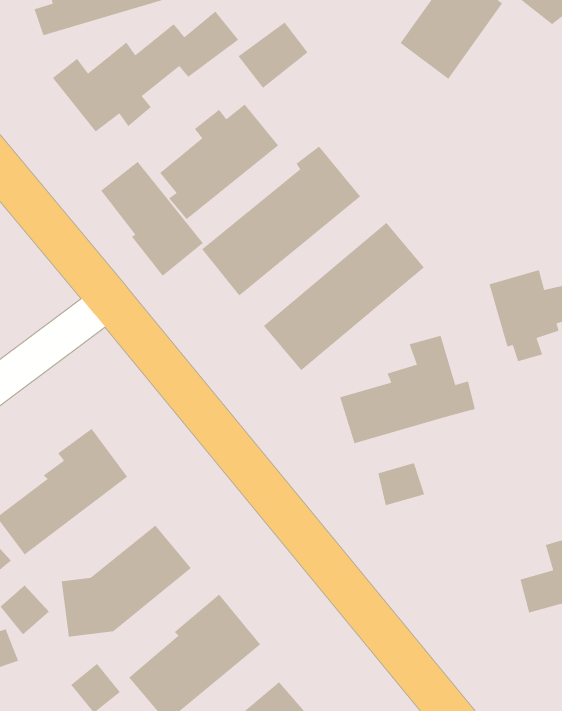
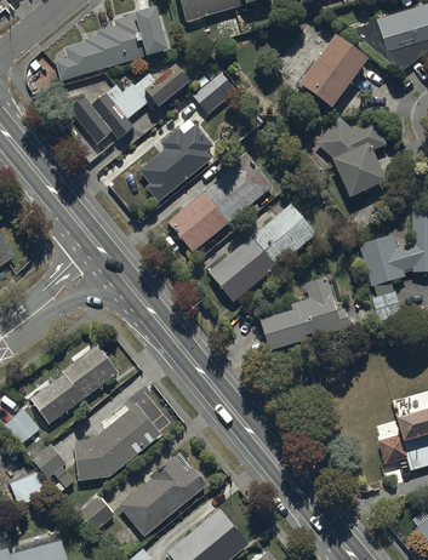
building: none -> [316,116,388,195]
building: [100,161,204,277] -> none
building: [377,462,425,506] -> none

